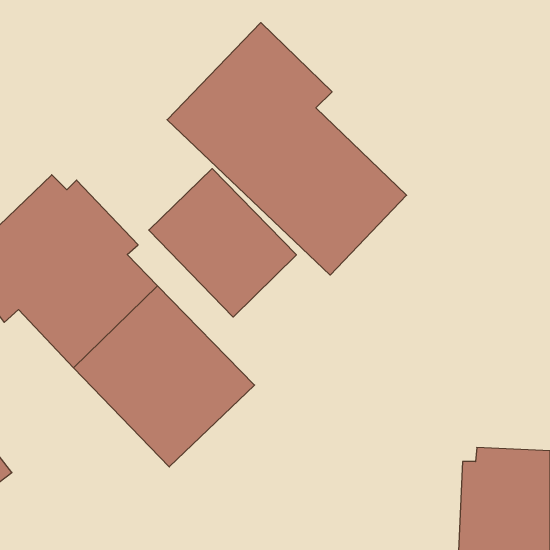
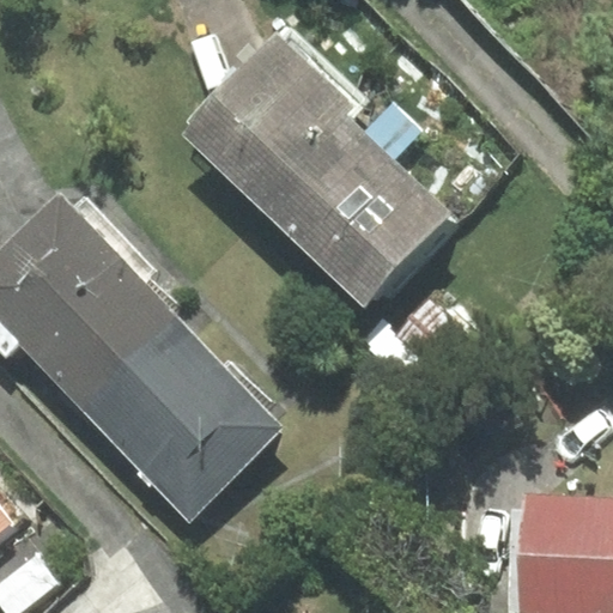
building: [149,169,296,317] -> none

